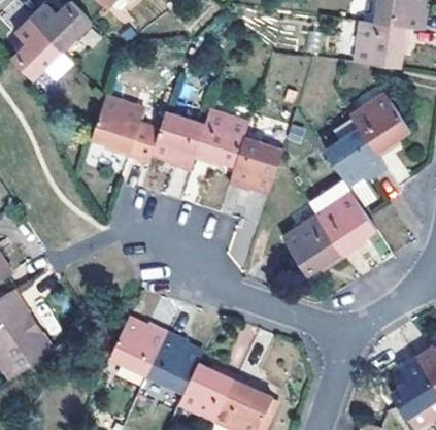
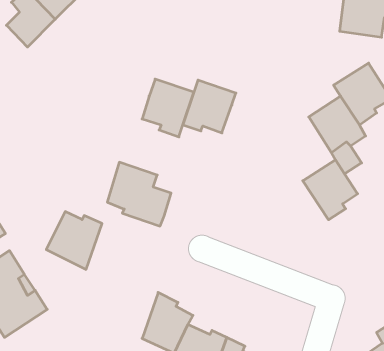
building: [93,97,159,163] -> [107,162,171,226]
building: [229,138,283,193] -> none
building: [283,217,344,273] -> none
building: [110,320,168,379] -> [46,212,102,269]

